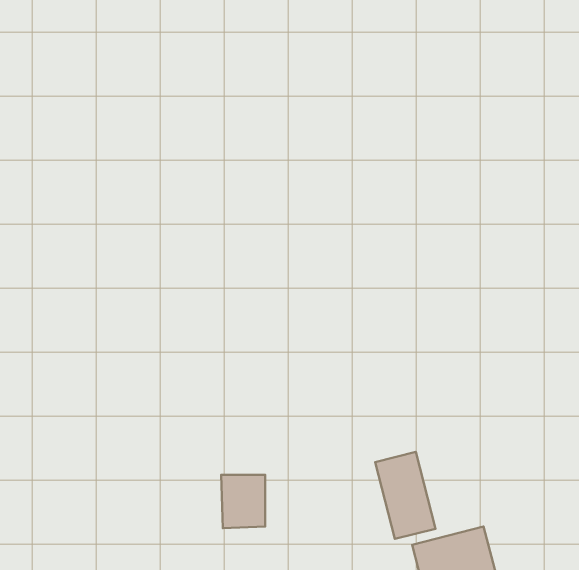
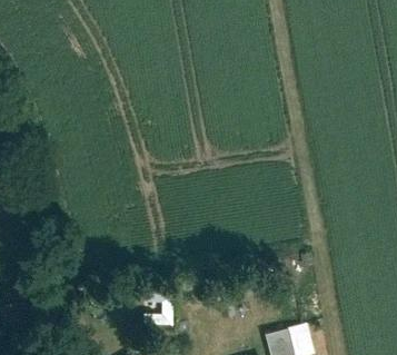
building: [375,452,435,539] -> none

